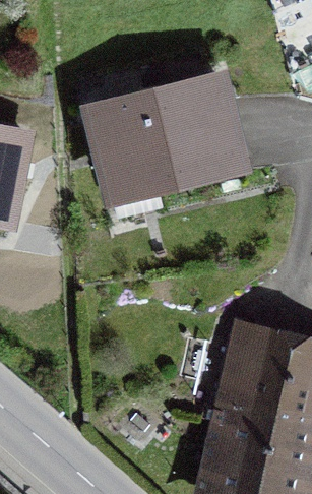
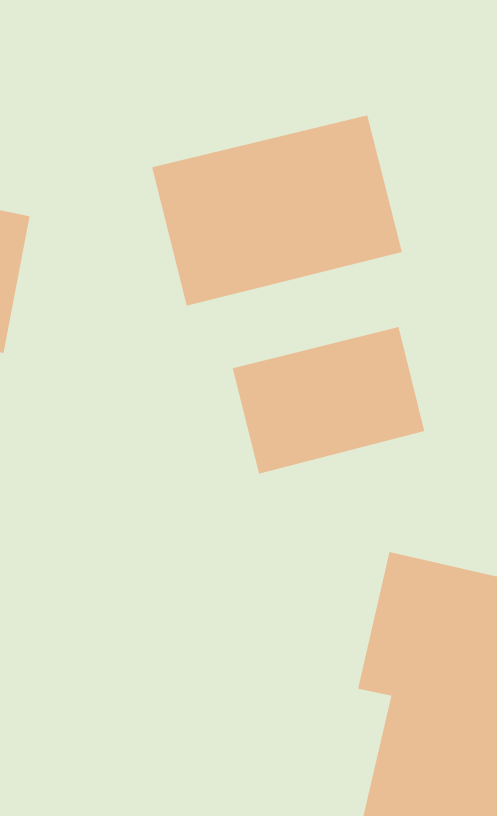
building: none -> [232,326,425,474]

